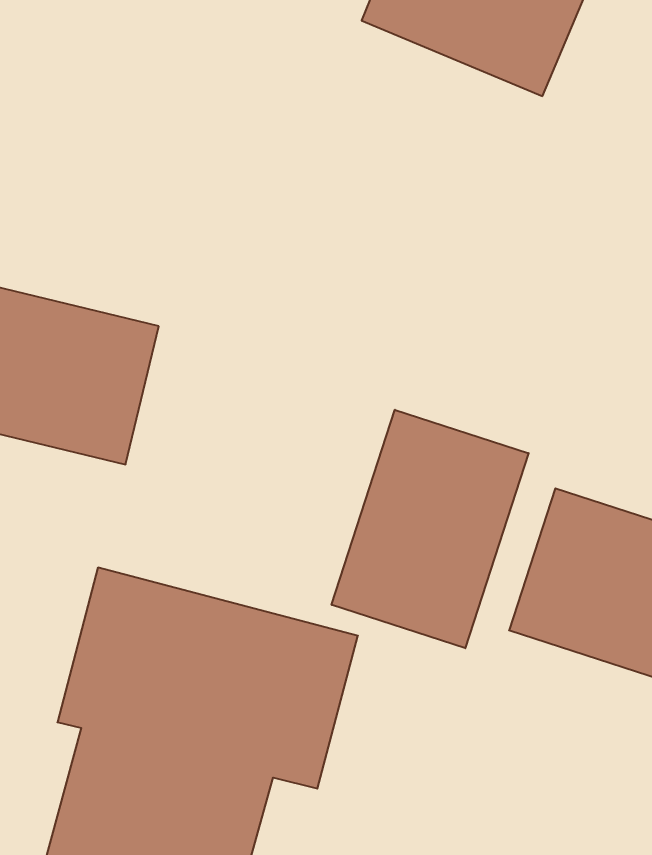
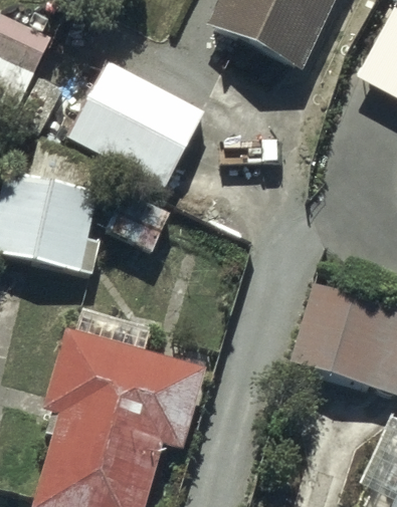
building: none -> [64,59,205,189]
building: [332,410,529,648] -> none

